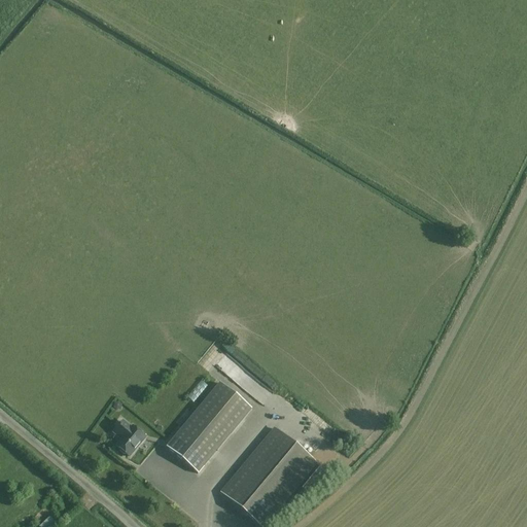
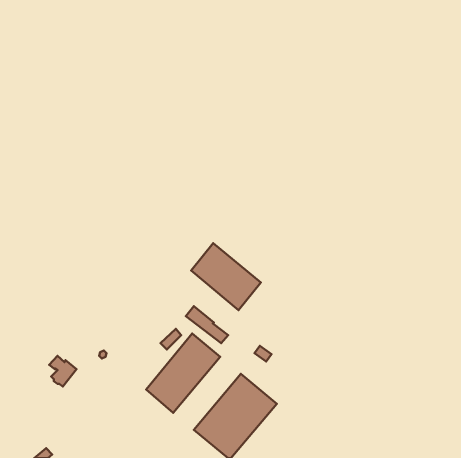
building: none -> [191,243,261,310]
building: [114,419,145,454] -> [49,356,76,386]

